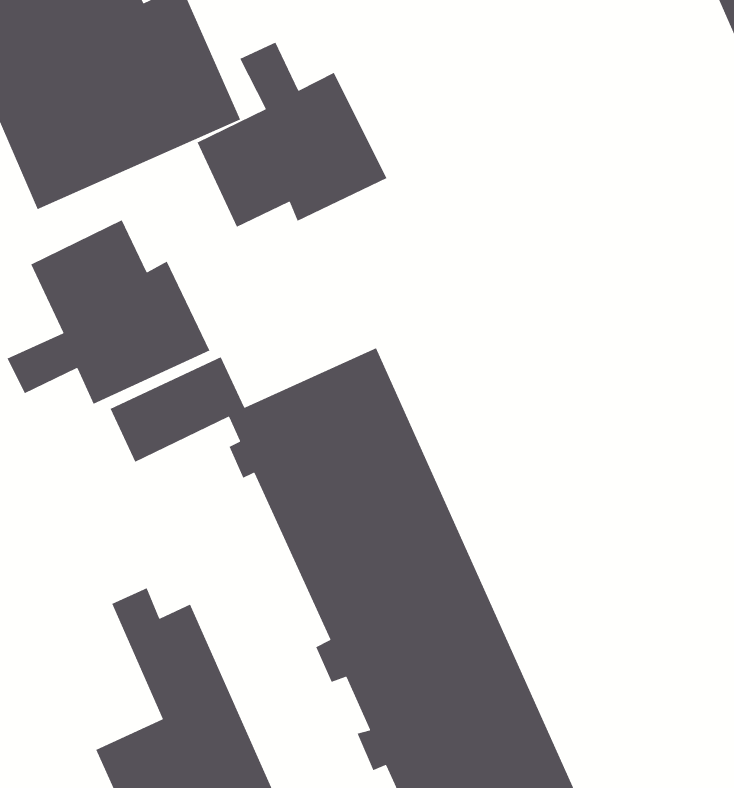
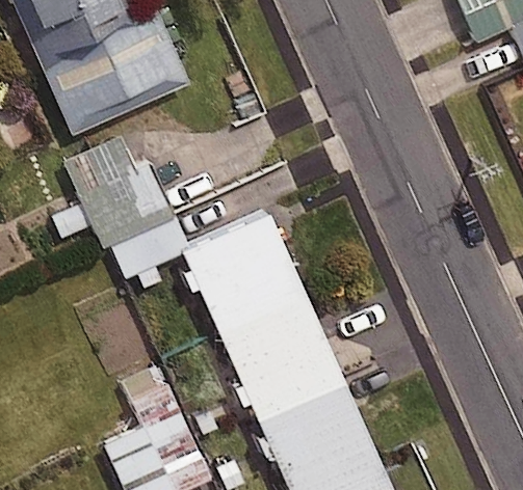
building: [196,42,388,228] -> none

